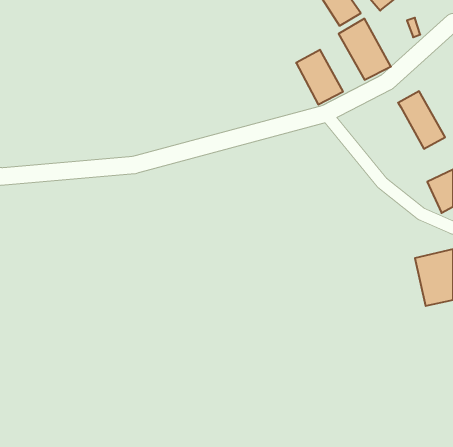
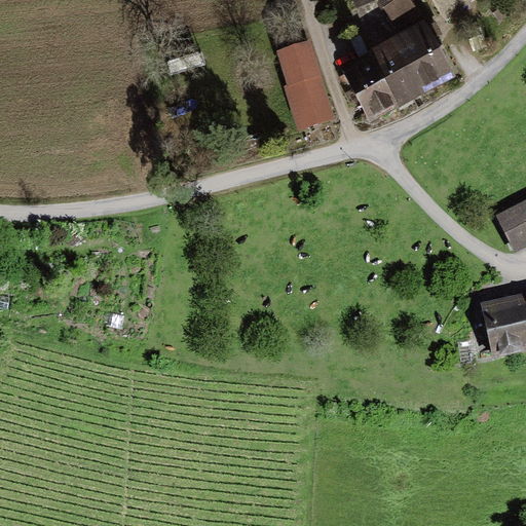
building: none -> [276,37,335,127]
building: [398,91,445,149] -> [368,39,422,106]

